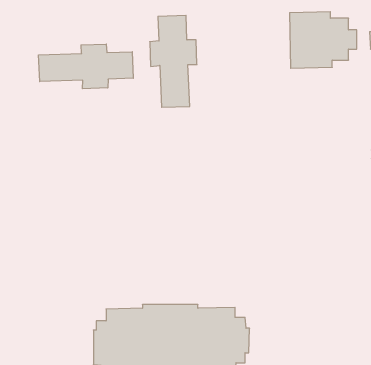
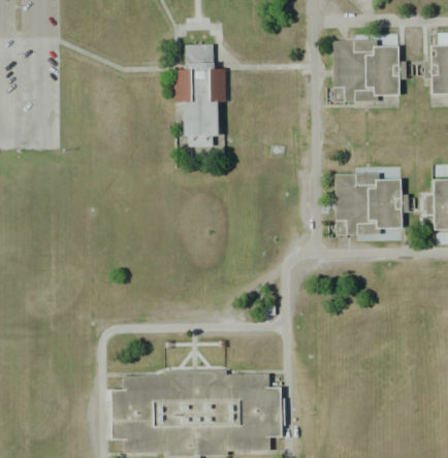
building: [39,44,133,89] -> none
building: none -> [334,171,411,235]

